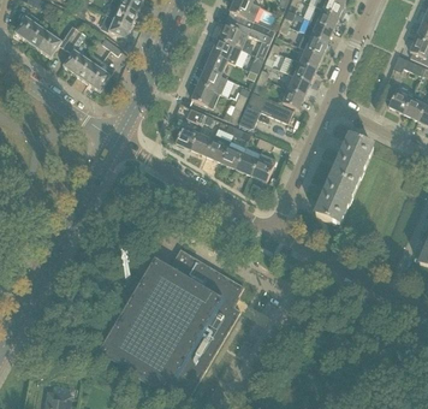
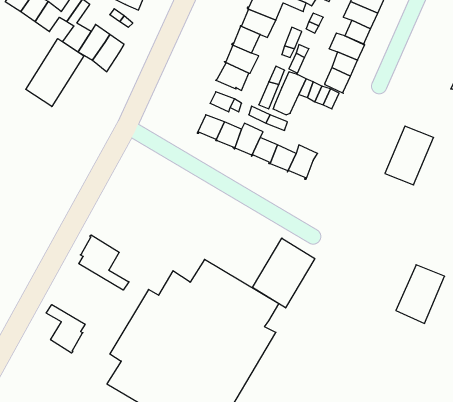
building: none -> [26,39,84,107]
building: [316,177,357,226] -> [396,265,445,323]
building: none -> [79,235,129,290]
building: none -> [253,238,315,308]
building: none -> [46,305,85,353]

